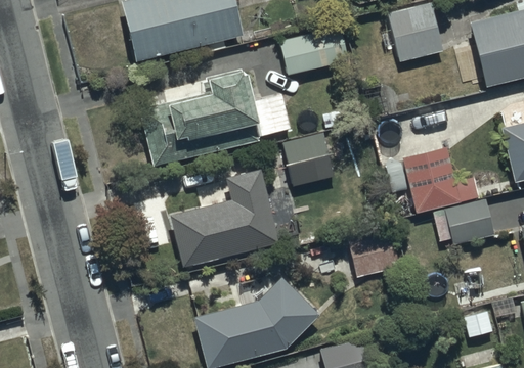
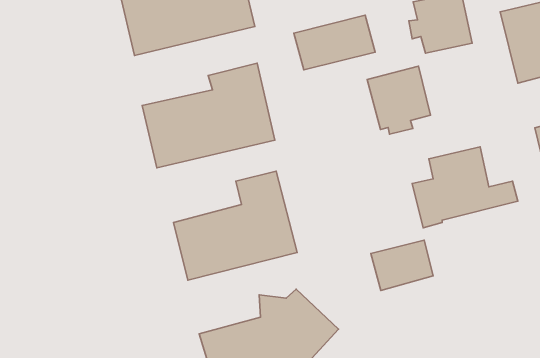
building: [282,130,341,192] -> [367,66,431,134]
building: [436,200,496,245] -> none

